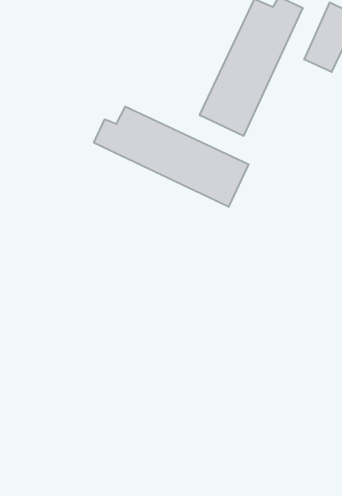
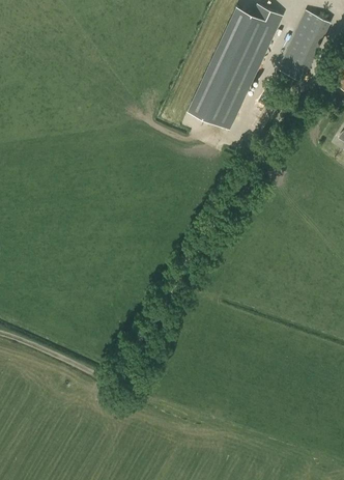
building: [94,106,249,207] -> none

